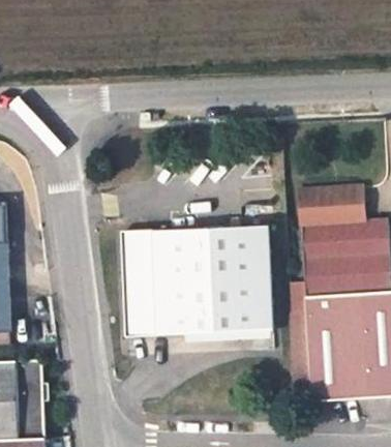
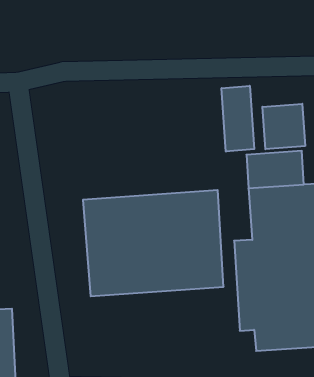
building: none -> [222,86,254,152]
building: none -> [262,104,305,149]

